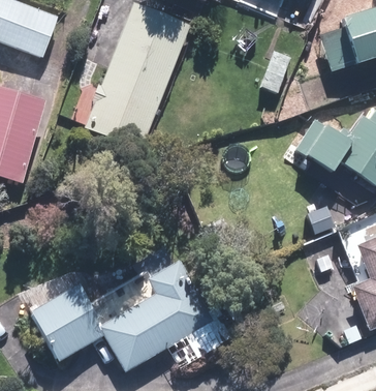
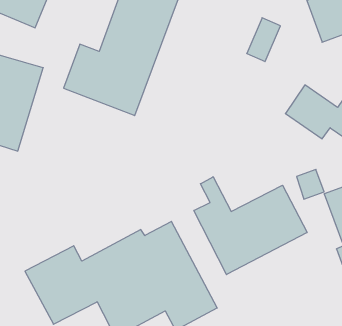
building: none -> [194,177,307,275]

